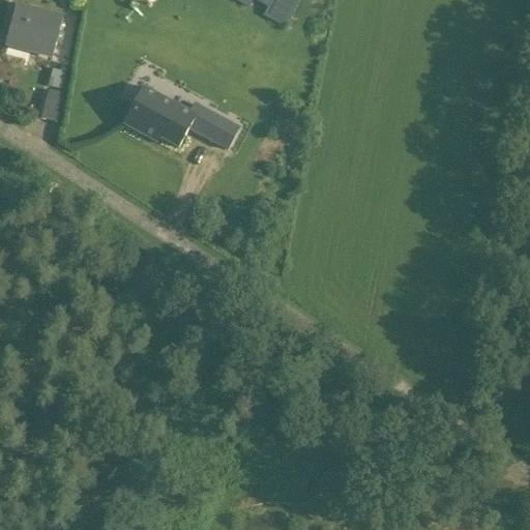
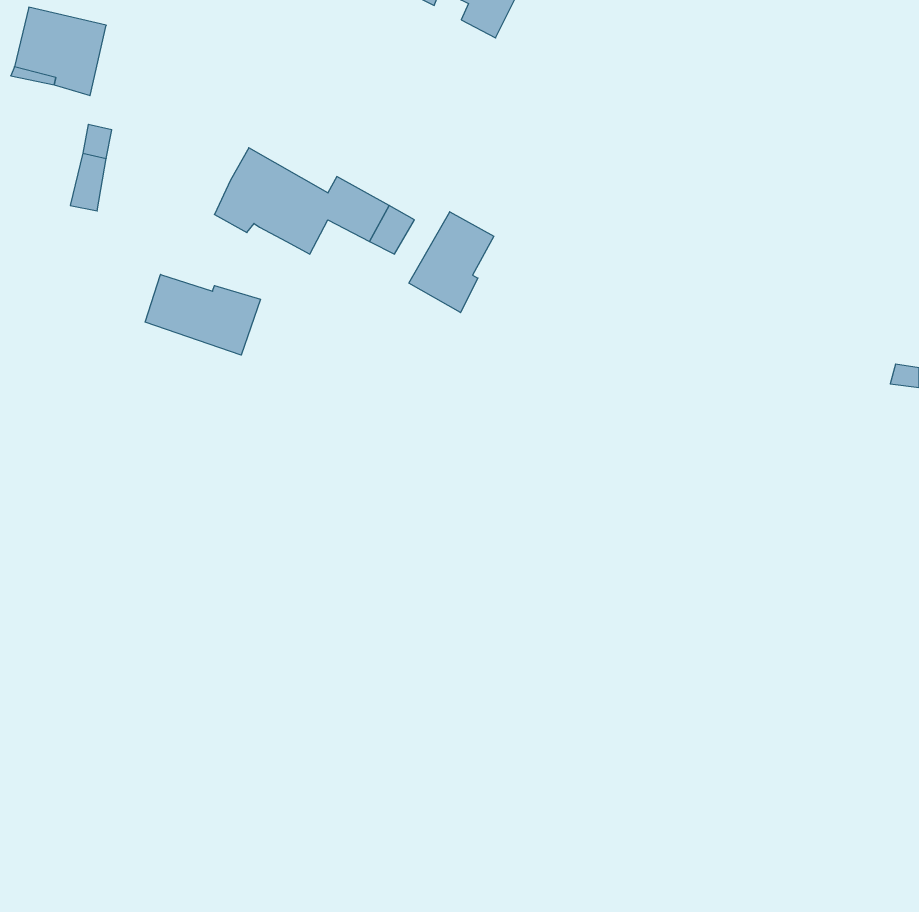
building: none -> [409,212,494,313]
building: none -> [145,274,260,355]

